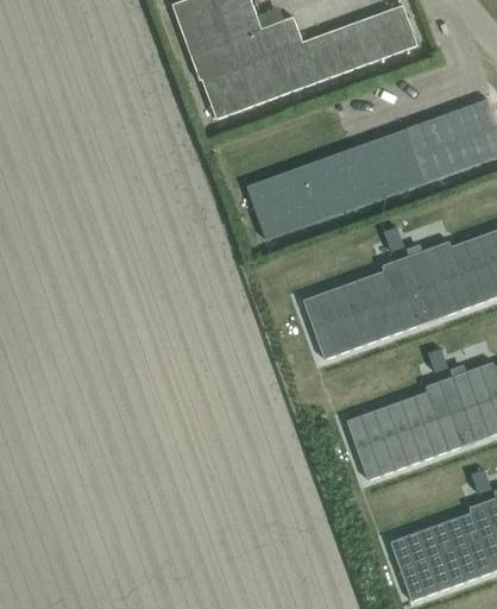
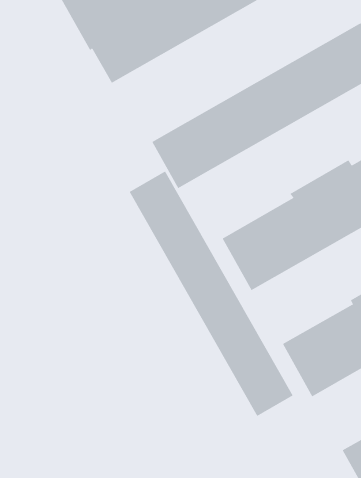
building: none -> [129,170,293,417]

